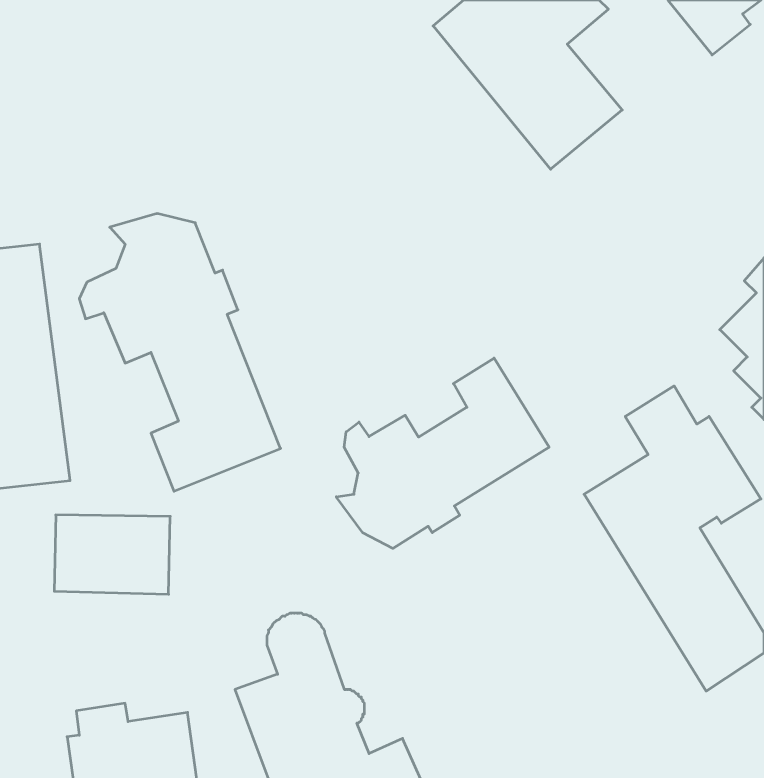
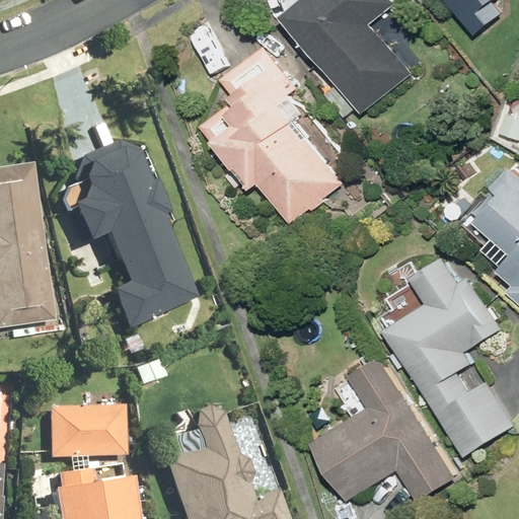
building: none -> [203,47,346,224]
building: [336,358,549,548] -> none
building: [54,515,170,594] -> [41,404,118,457]
building: none -> [315,351,455,502]

